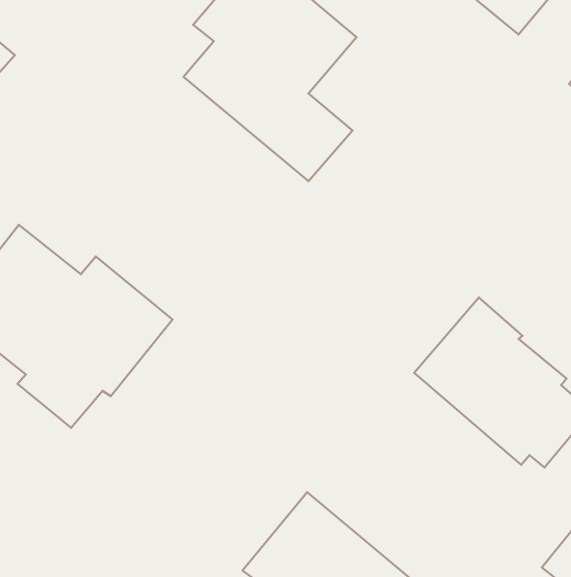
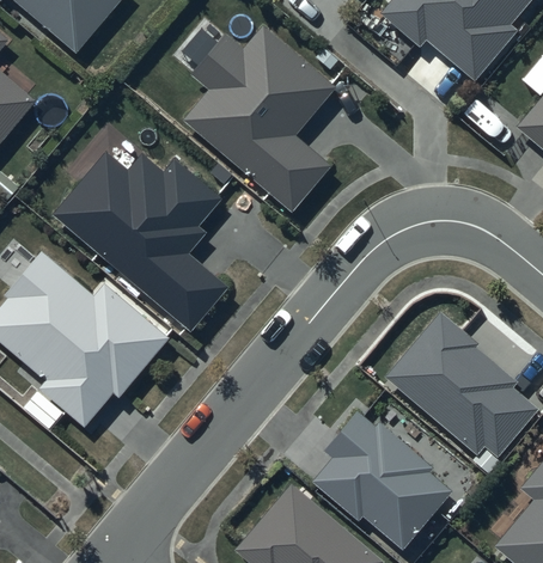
building: none -> [51,152,225,332]
building: none -> [312,410,451,547]

